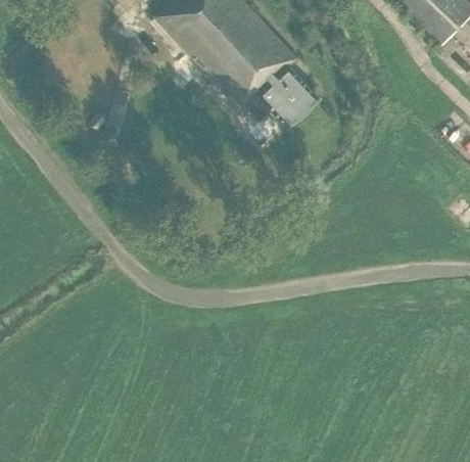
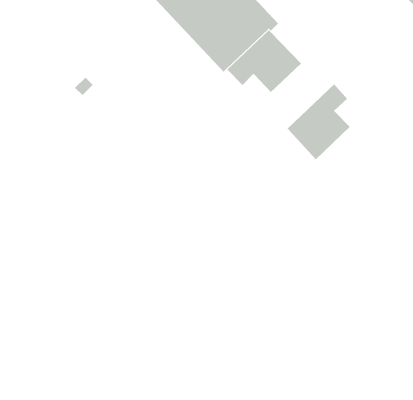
building: none -> [287,84,350,160]

